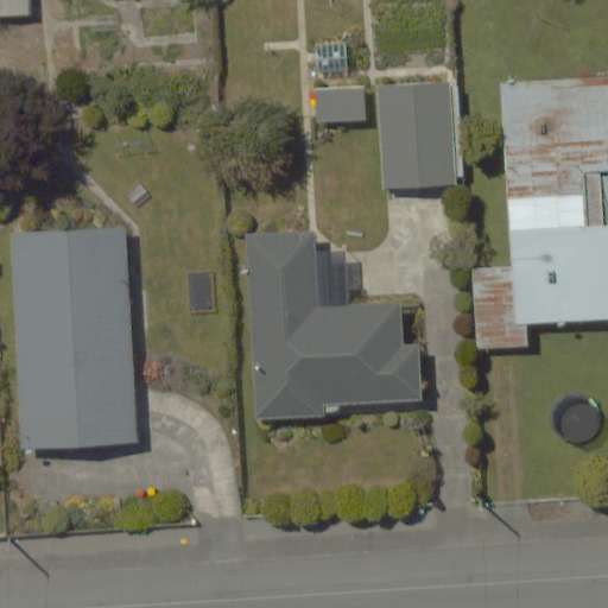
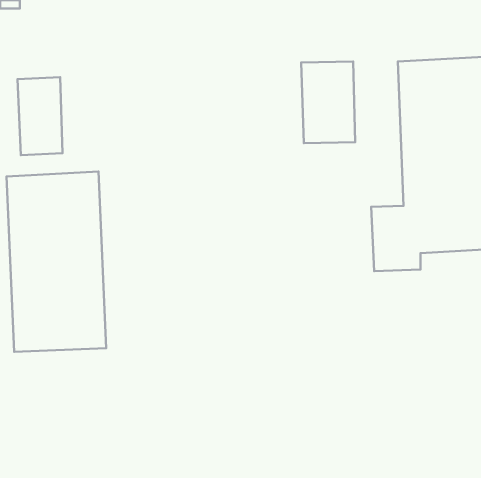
building: none -> [18,77,63,155]
building: [245,242,422,418] -> none

